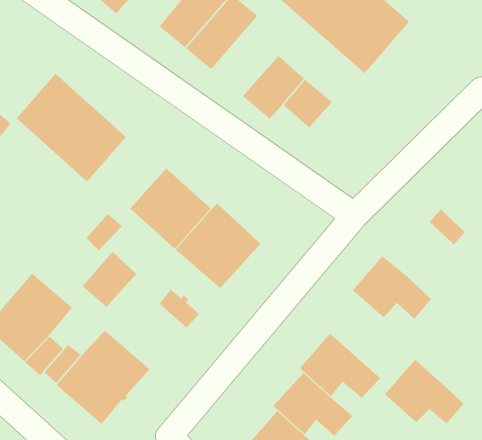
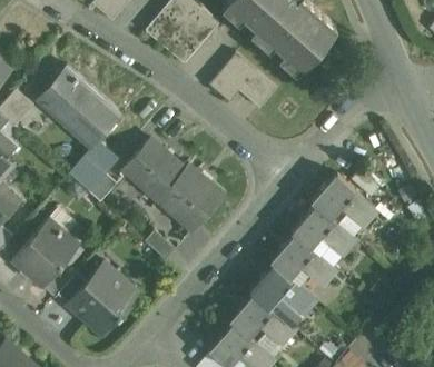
building: none -> [312,176,374,225]
building: [82,251,137,308] -> [70,149,112,192]
building: [384,359,464,424] -> [272,235,333,285]

